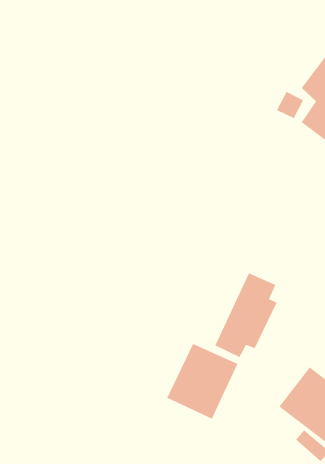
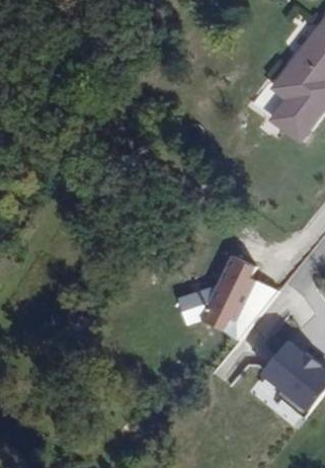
building: [166,343,238,419] -> none

